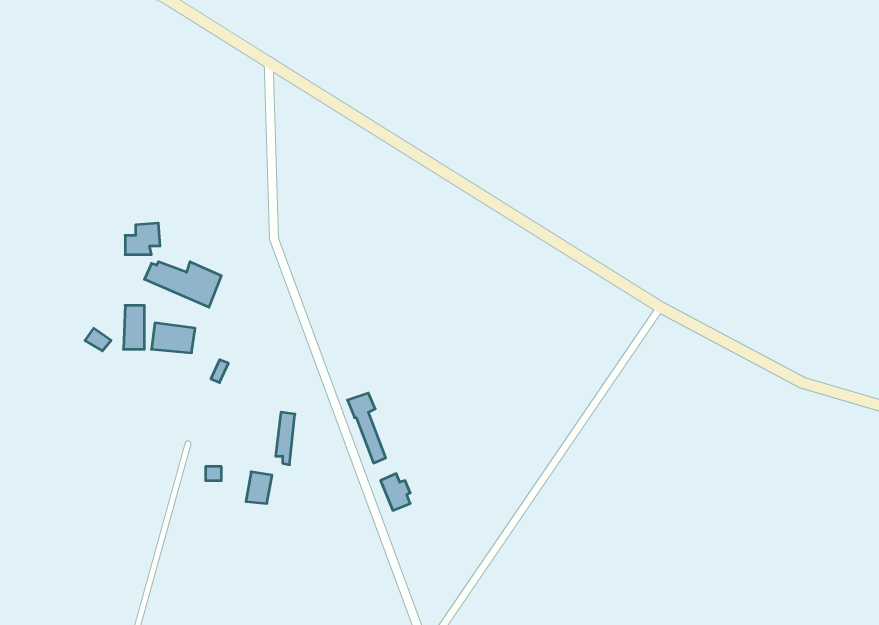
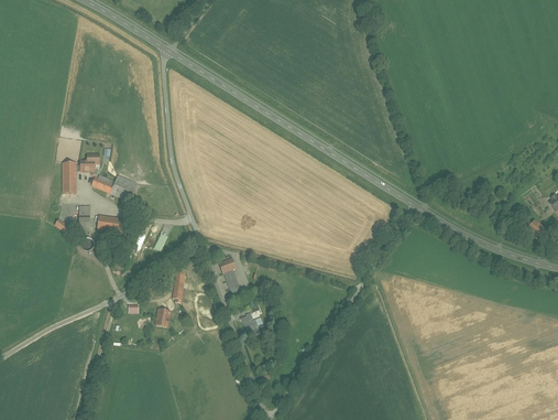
building: none -> [62,162,77,194]

